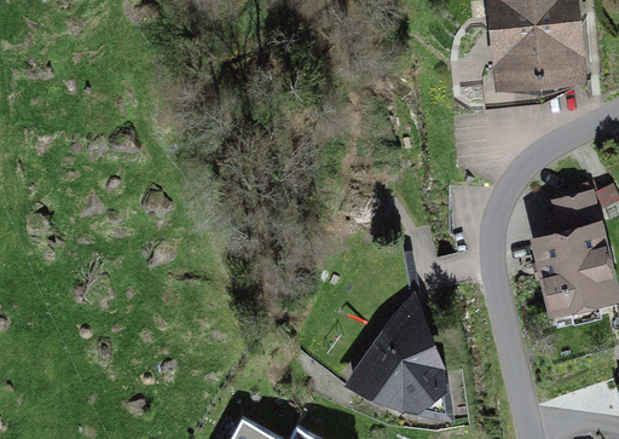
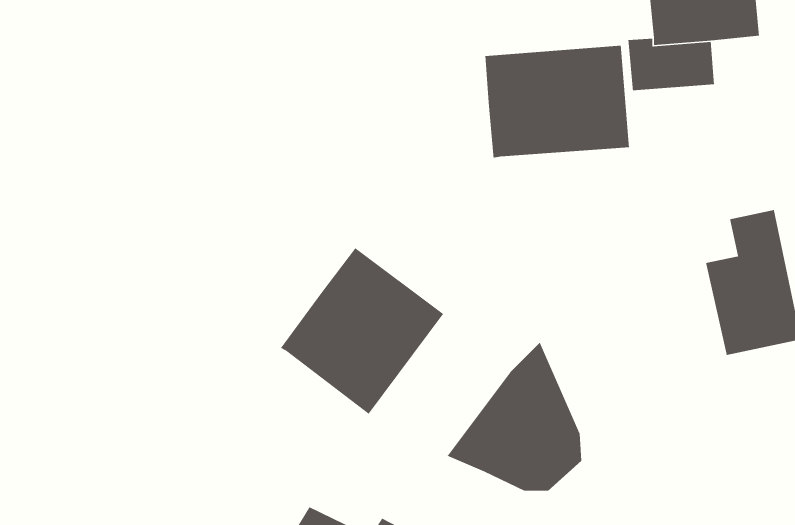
building: none -> [485,45,630,158]
building: none -> [280,247,444,415]

